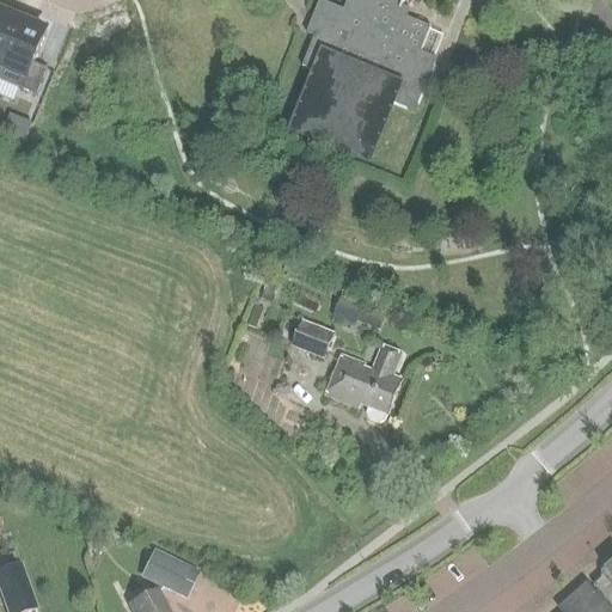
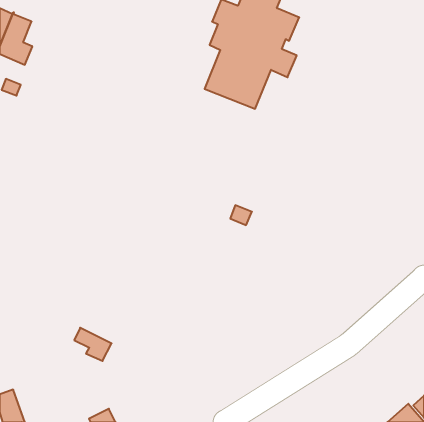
building: [293,320,332,356] -> none
building: [325,344,400,422] -> none
building: [145,549,198,596] -> [74,328,112,361]

